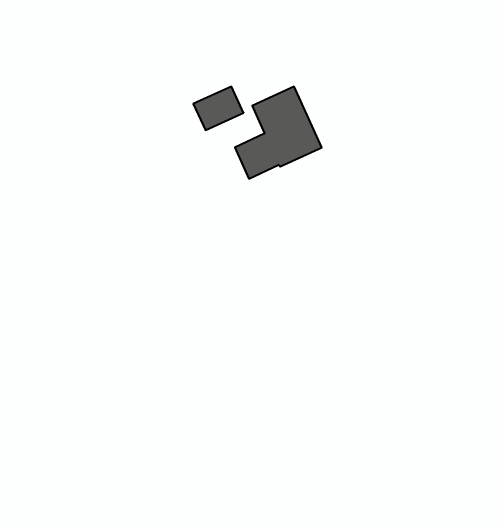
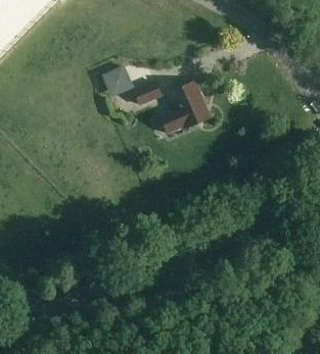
building: none -> [102,64,136,99]

